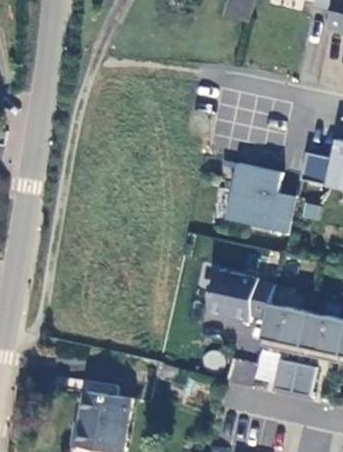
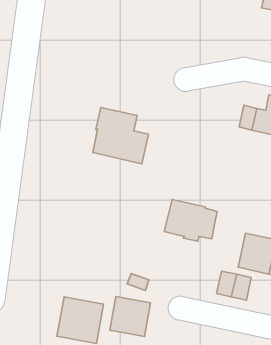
building: [227,162,296,232] -> [93,107,148,164]
building: [260,301,308,352] -> none
building: none -> [110,297,151,337]

